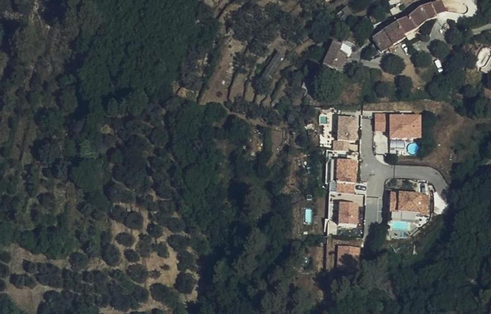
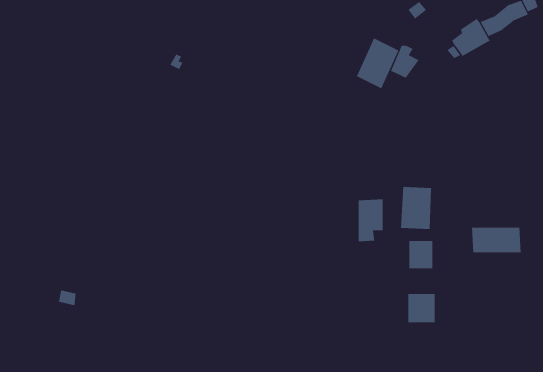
building: none -> [356,37,399,89]
building: [375,112,422,137] -> none
building: [336,115,357,150] -> [358,199,384,242]

